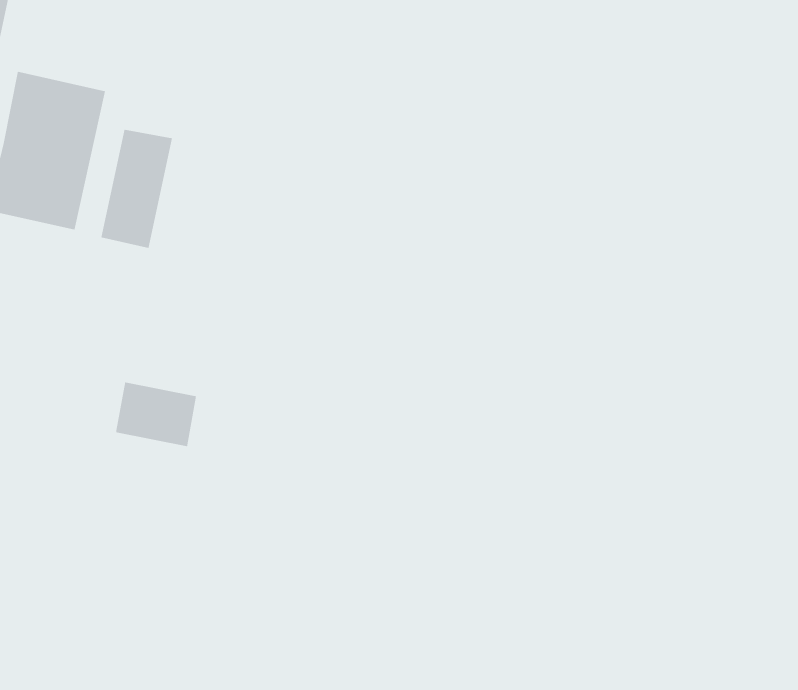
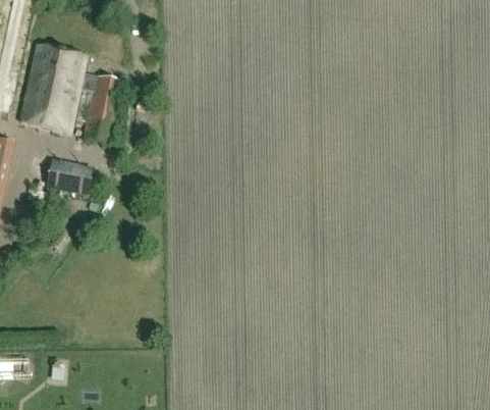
building: [115,382,197,447] -> [46,157,92,194]

